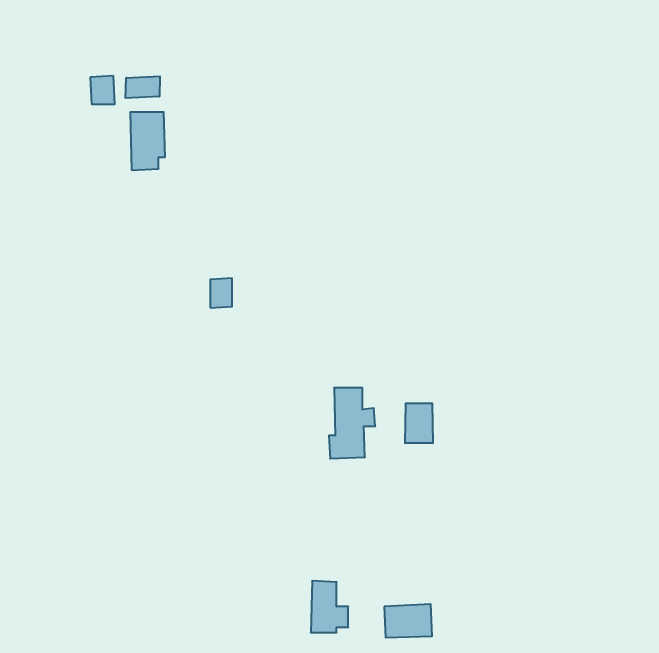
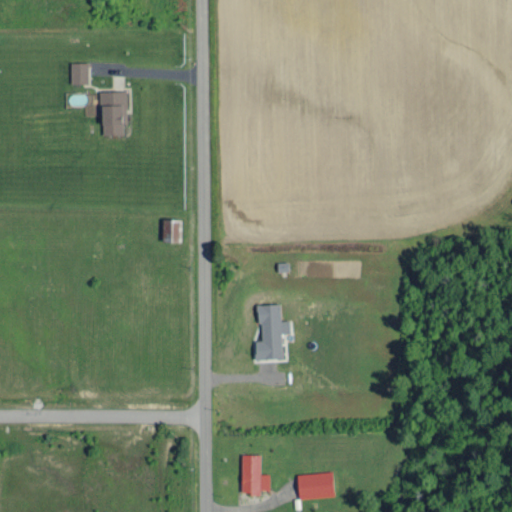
building: [126,76,160,98] -> none
building: [405,403,433,443] -> none

